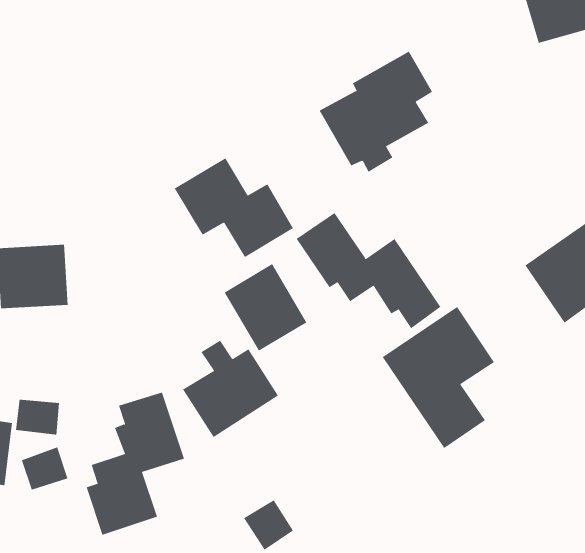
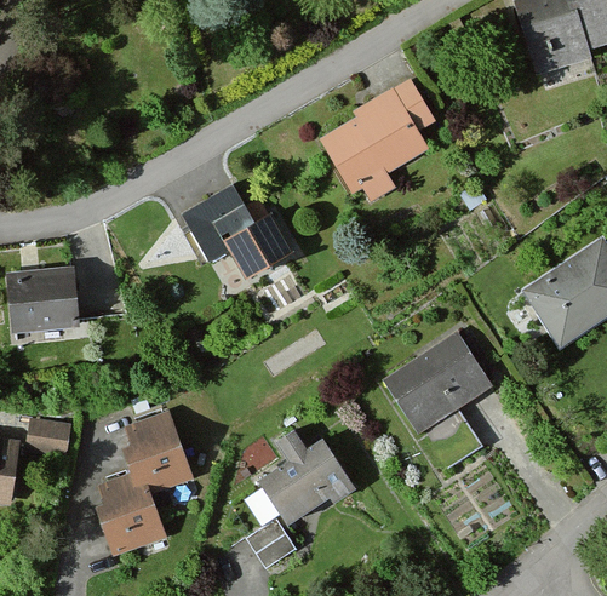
building: [296,212,441,329] -> none
building: [224,263,307,352] -> none
building: [182,340,279,438] -> [257,430,351,526]
building: [21,446,68,491] -> none

